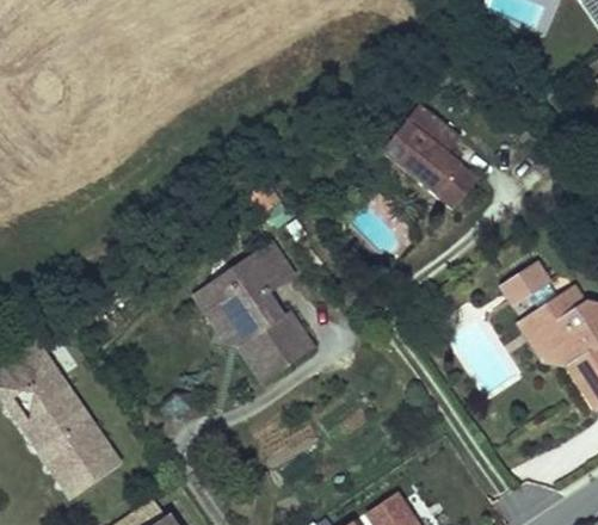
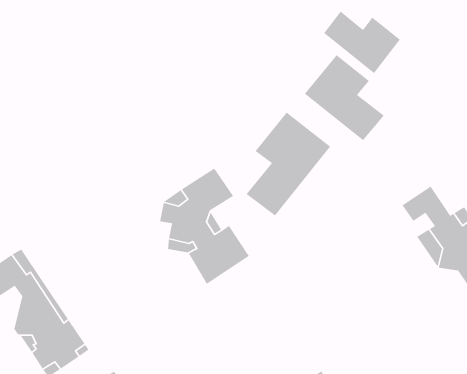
building: none -> [323,10,401,74]
building: none -> [245,112,331,216]

